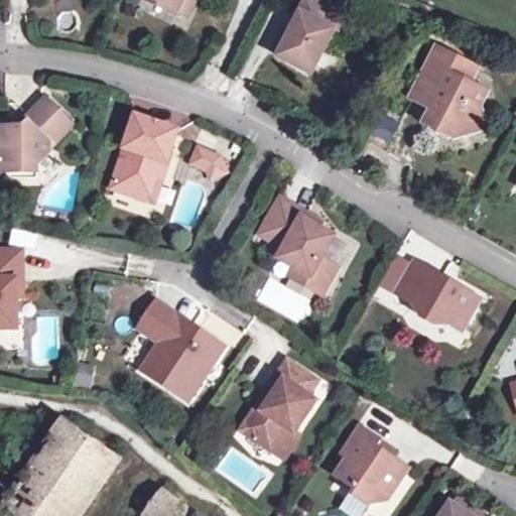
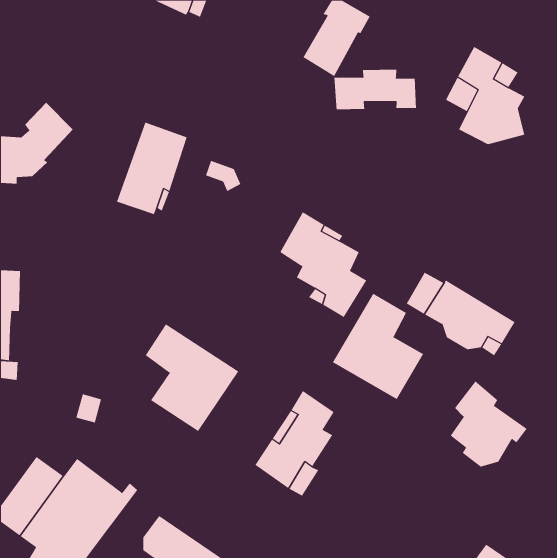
building: none -> [334,69,417,110]
building: none -> [332,293,424,400]
building: [338,426,409,506] -> [450,381,528,467]

